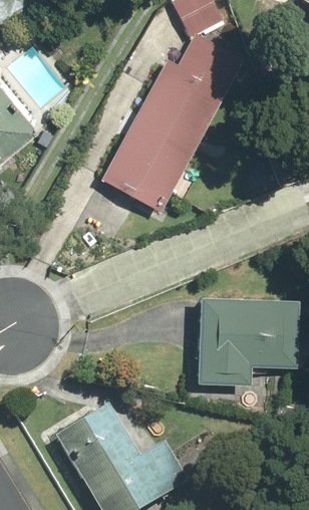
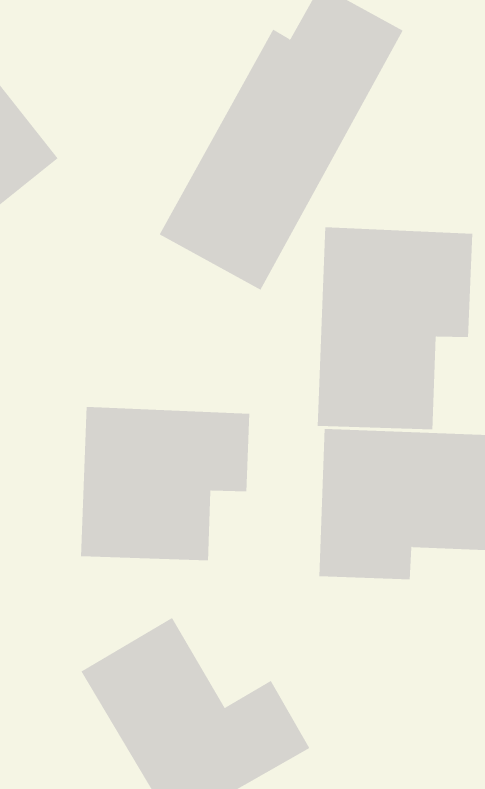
building: none -> [317,227,473,430]
building: none -> [80,406,250,561]

